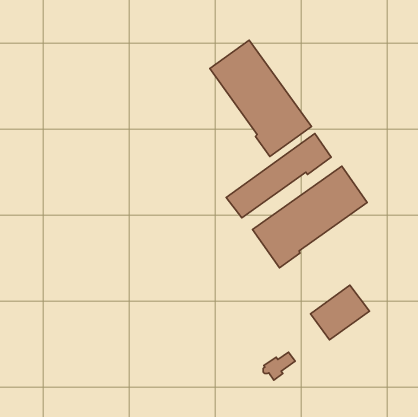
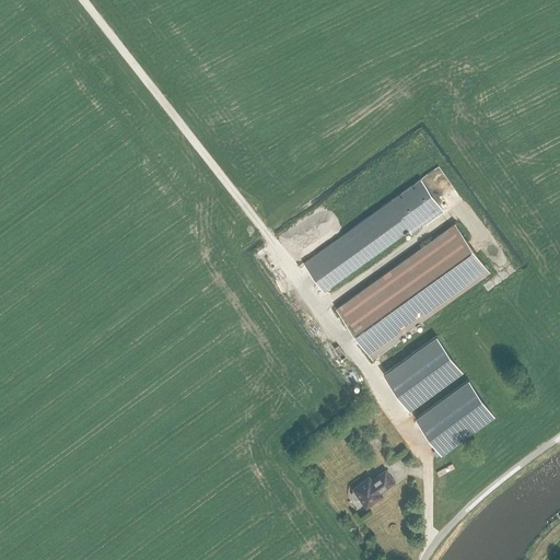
building: [210,40,311,157] -> none
building: none -> [383,338,460,411]

